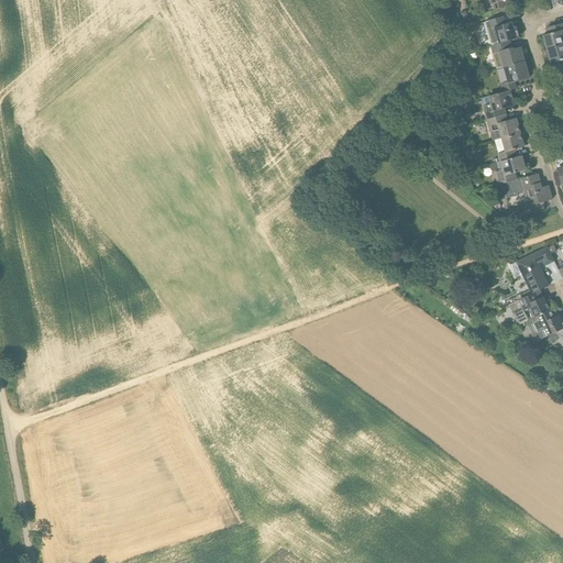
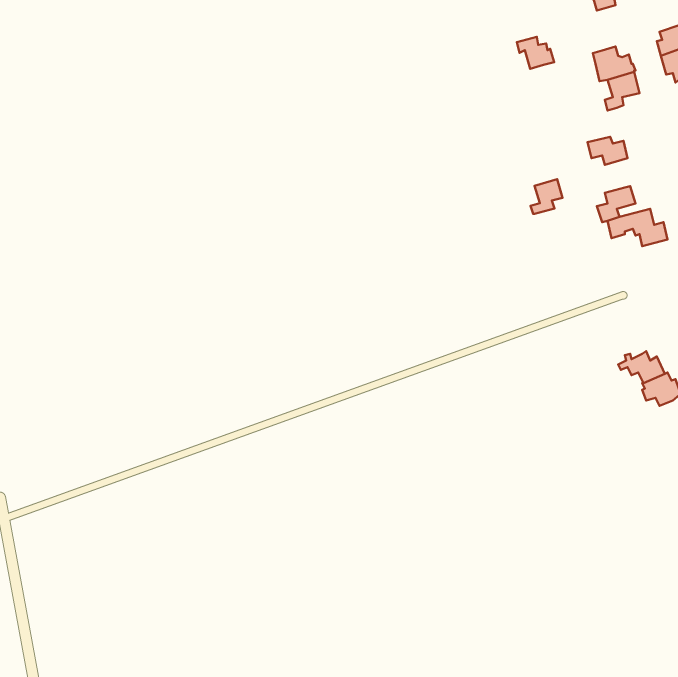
building: [488,15,519,42] -> [517,37,554,69]
building: [484,89,515,118] -> none
building: [498,131,525,159] -> [531,179,562,214]
building: [517,245,555,292] -> none

